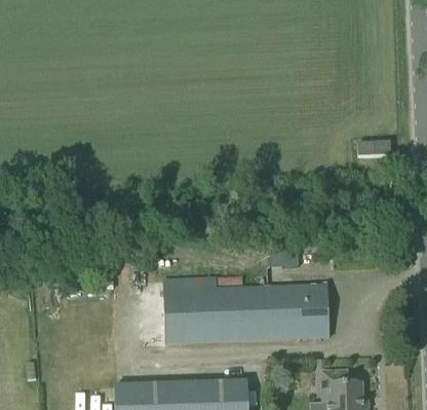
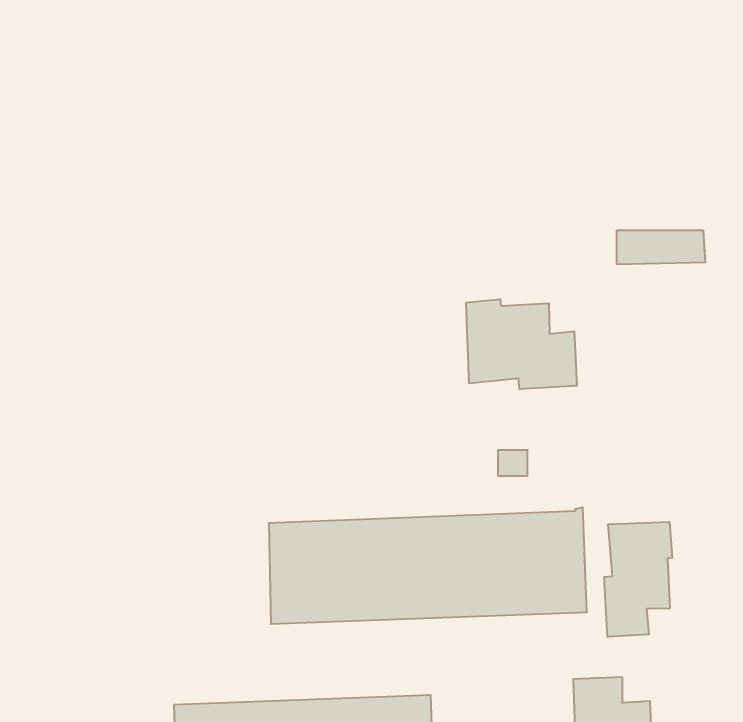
building: none -> [466,299,577,389]
building: none -> [604,522,672,637]

